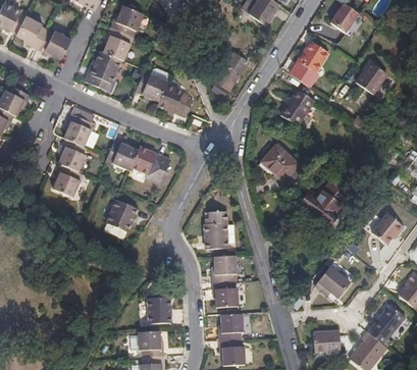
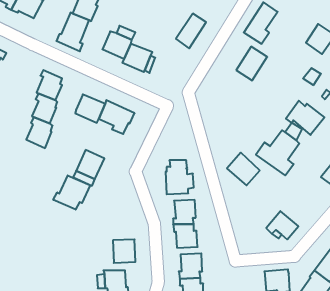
building: [261,144,297,179] -> [227,153,260,185]
building: none -> [286,101,324,135]
building: none -> [53,175,90,210]

